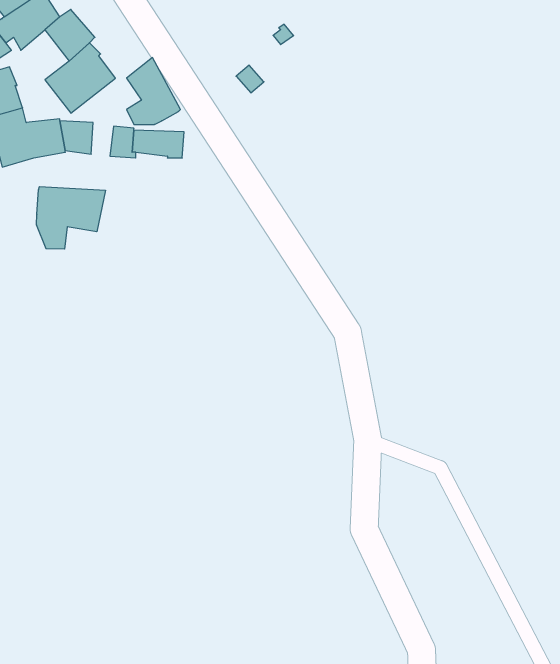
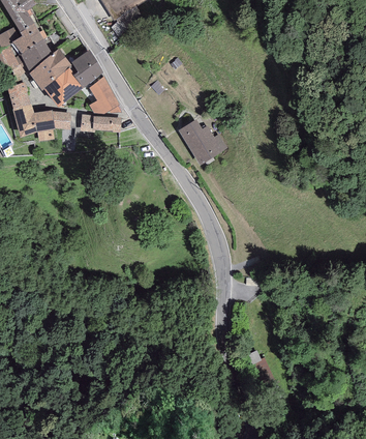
building: none -> [71,49,103,87]
building: none -> [29,60,57,90]
building: none -> [178,119,227,165]
building: [37,187,105,249] -> none

